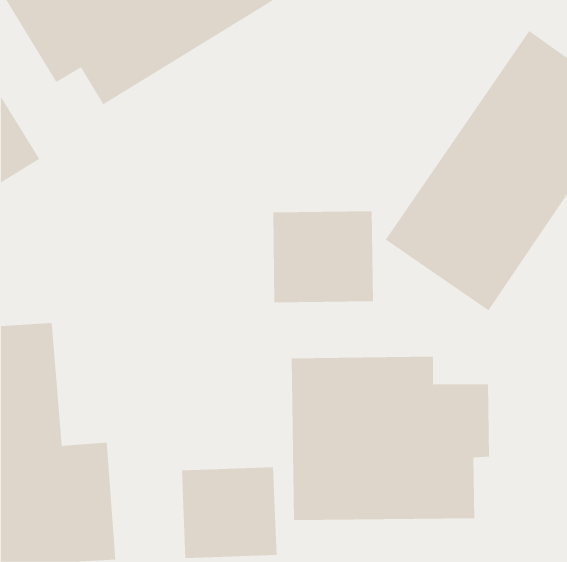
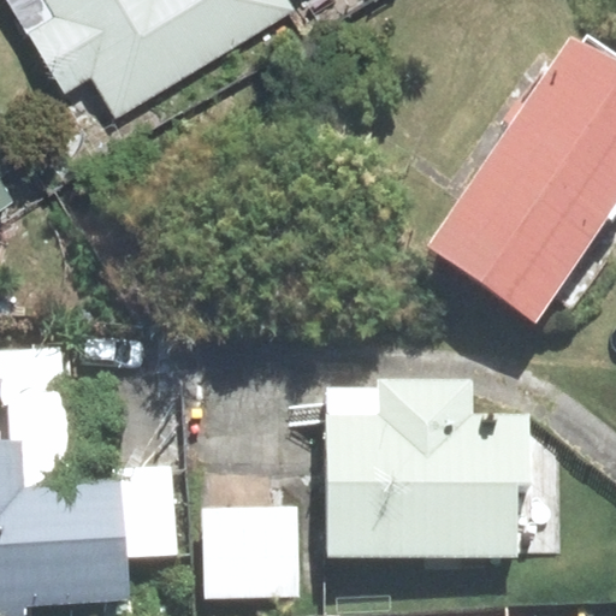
building: [273,210,373,303] -> none

